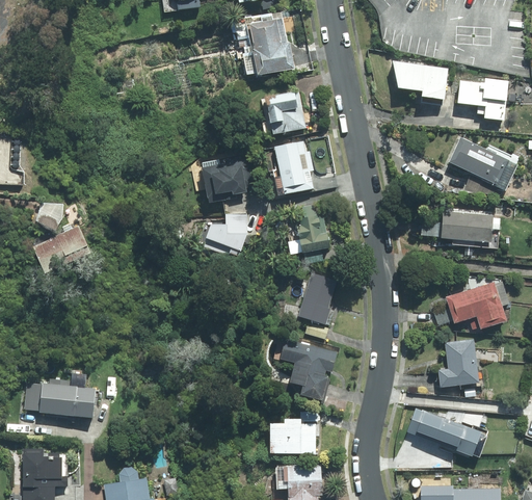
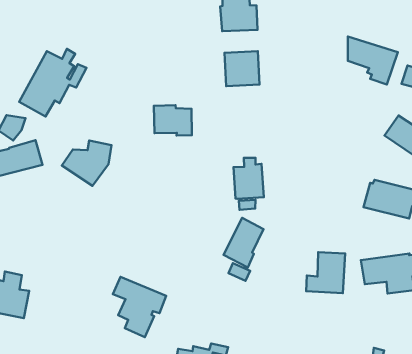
building: none -> [19,49,87,116]
building: [273,141,315,194] -> none
building: [195,213,245,261] -> [62,141,112,186]
building: [437,339,479,386] -> [306,252,345,293]
building: [280,340,337,400] -> [113,277,166,337]

